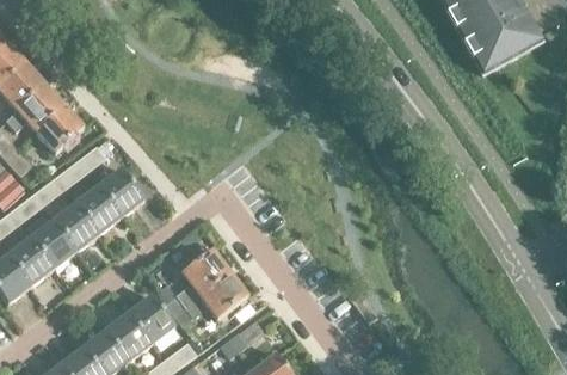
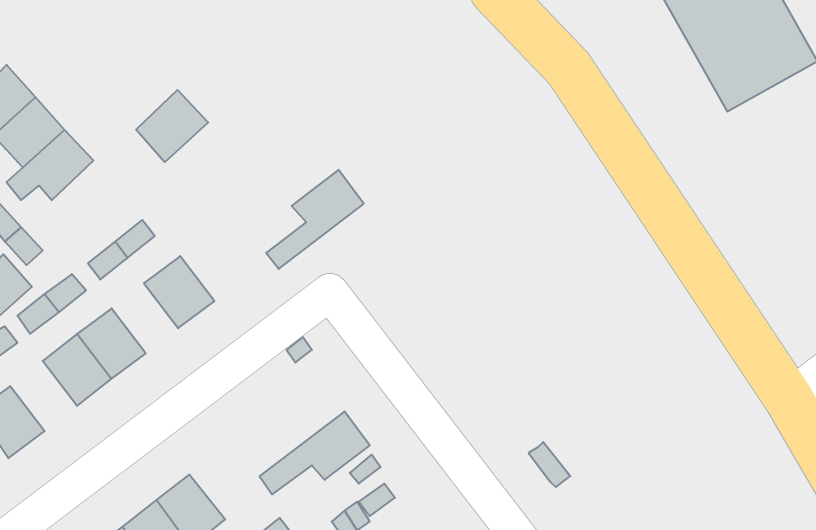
building: [36,106,84,154] -> [136,90,208,162]
building: [75,188,119,234] -> none
building: [8,239,53,285] -> none
building: [165,250,229,315] -> [266,170,364,269]
building: [127,296,173,344] -> none

